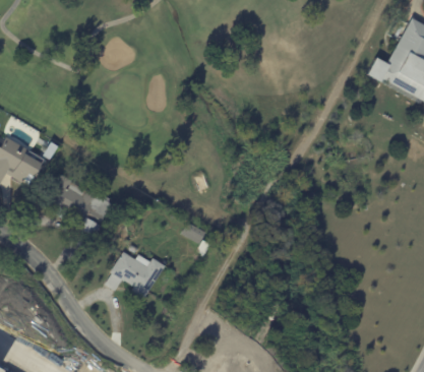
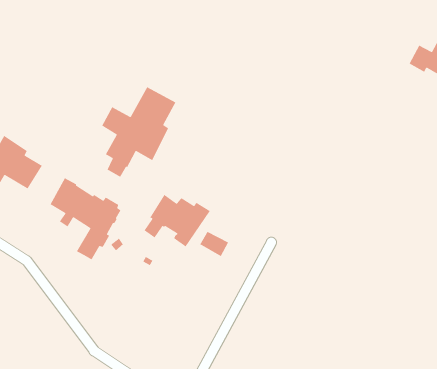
building: none -> [101,86,177,178]
building: [105,251,165,299] -> [143,194,211,248]

